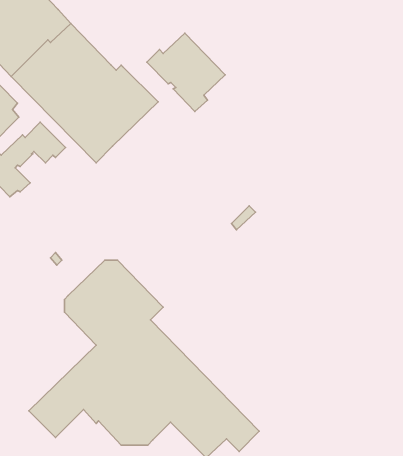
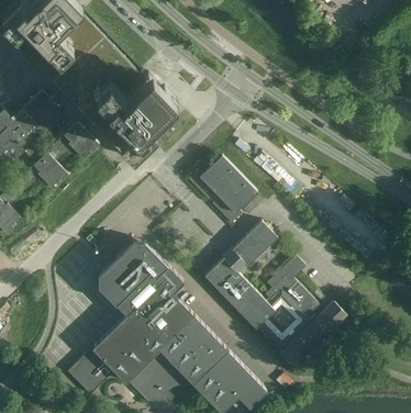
building: [147,33,225,112] -> [189,154,257,222]
building: none -> [204,220,347,366]

